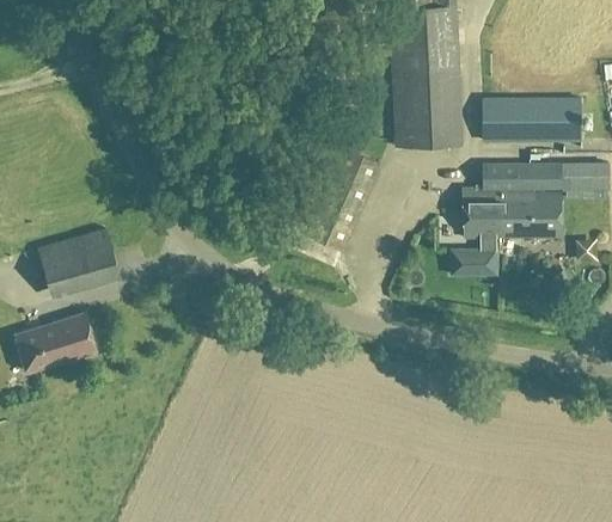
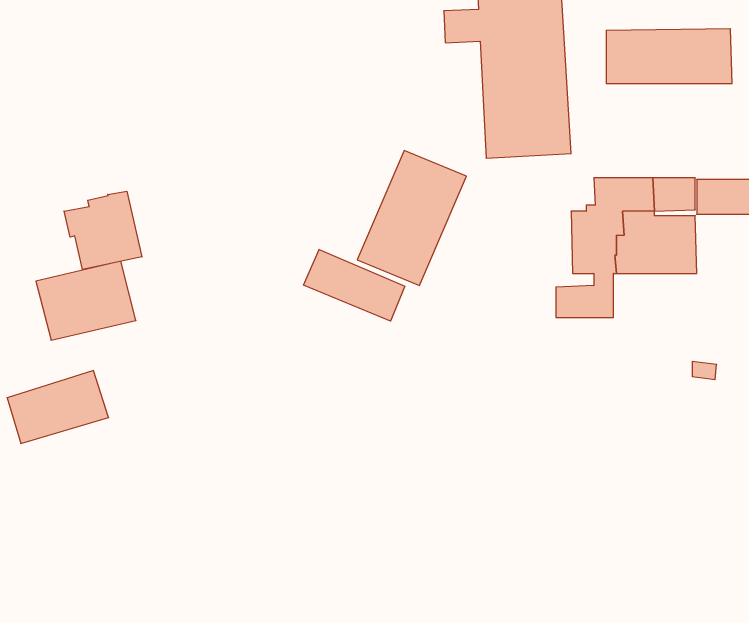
building: [482,98,581,141] -> [606,29,732,84]
building: none -> [64,191,142,269]
building: none -> [303,249,405,321]

